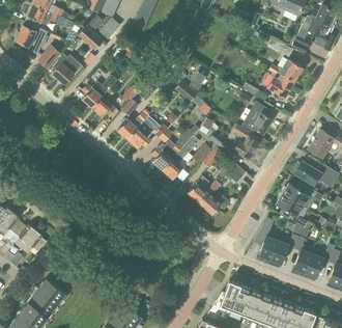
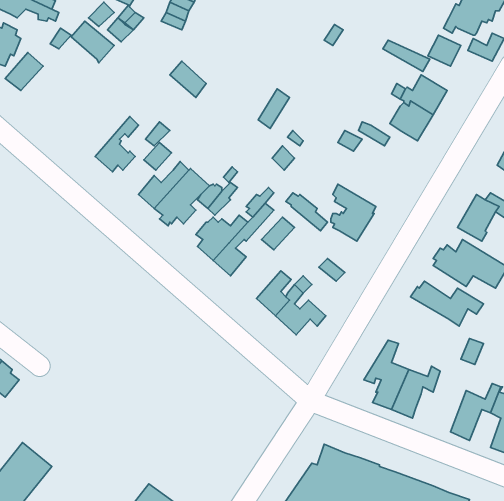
building: [52,55,81,85] -> none
building: [80,75,116,108] -> none
building: [240,102,272,134] -> none
building: [275,192,307,228] -> none
building: [292,237,313,274] -> none

